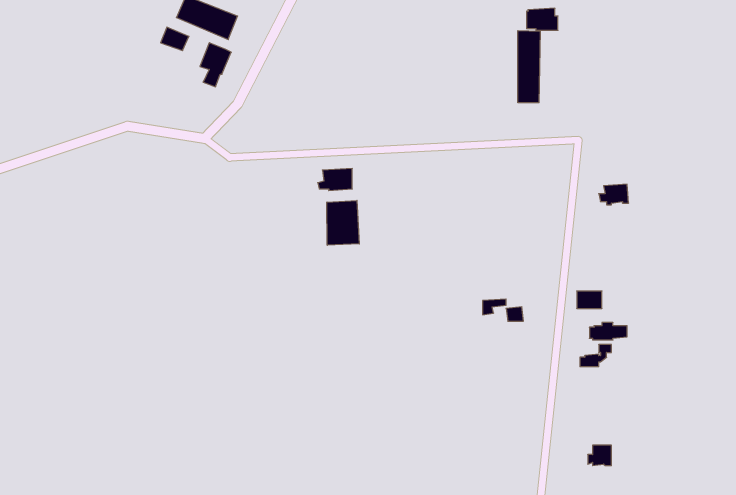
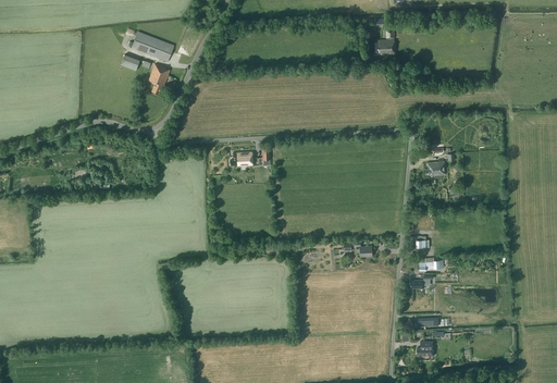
building: [518,31,540,103] -> none
building: [327,200,359,245] -> none

